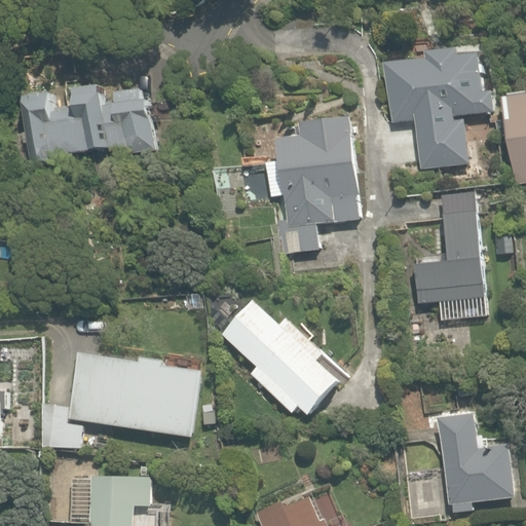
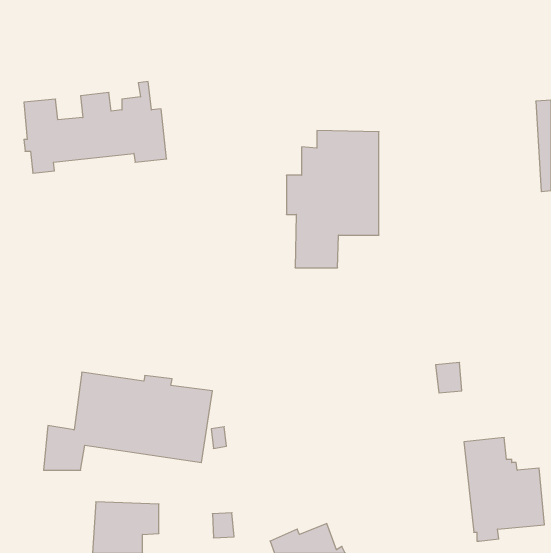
building: [386,46,495,167] -> none
building: [411,203,484,321] -> none
building: [220,298,339,413] -> none

